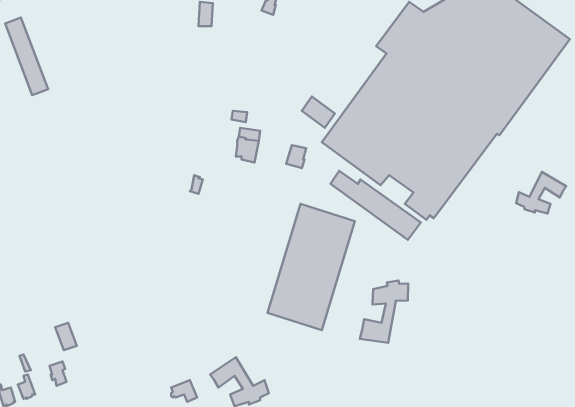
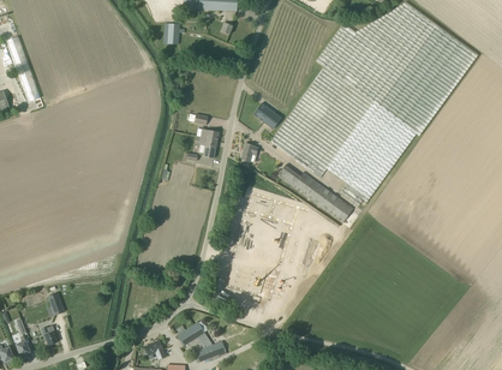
building: [516,172,566,214] -> none
building: [360,281,408,343] -> none

